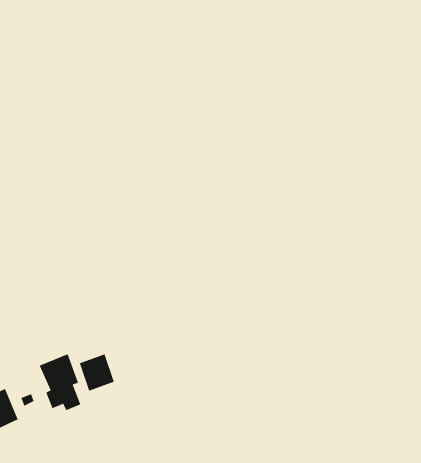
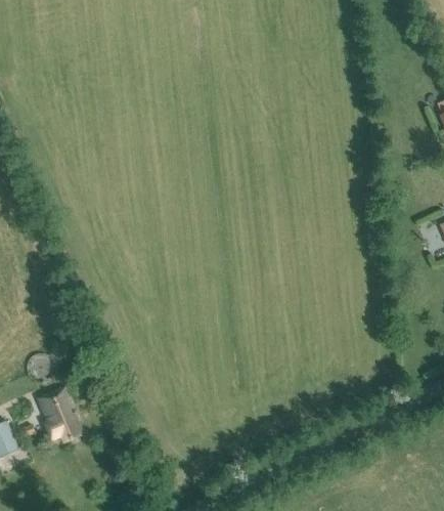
building: [79,354,114,392] -> none

